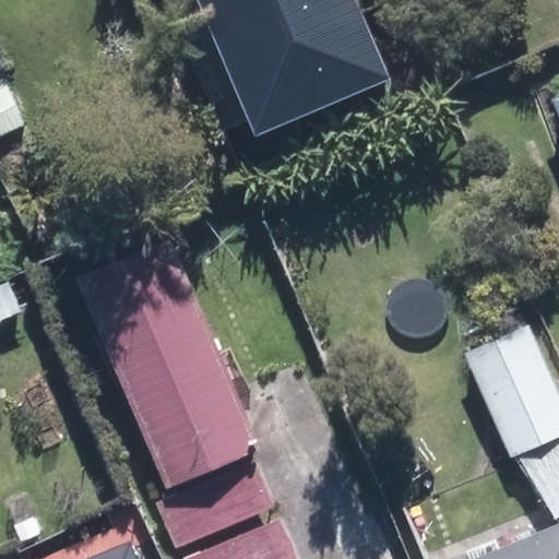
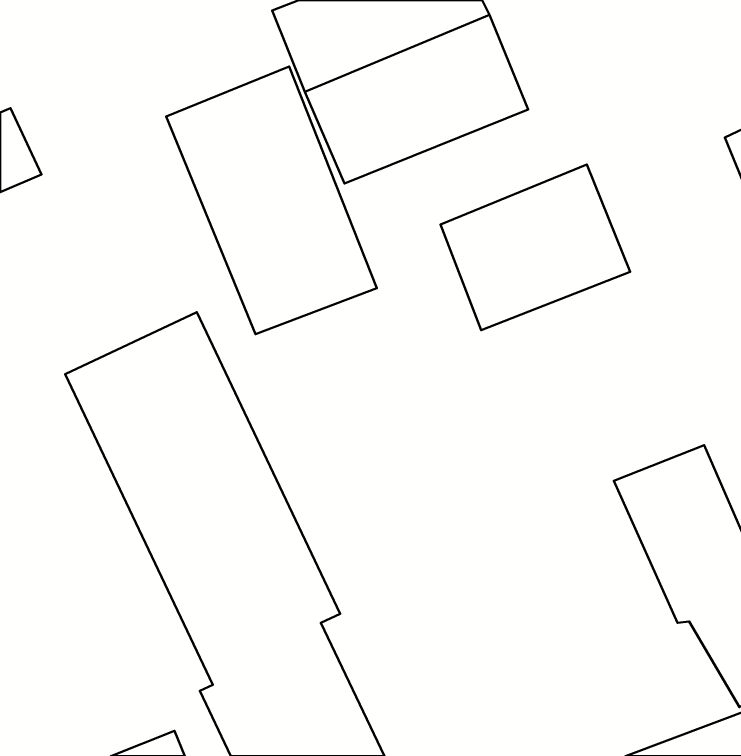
building: none -> [166,67,377,334]
building: none -> [440,164,630,330]

